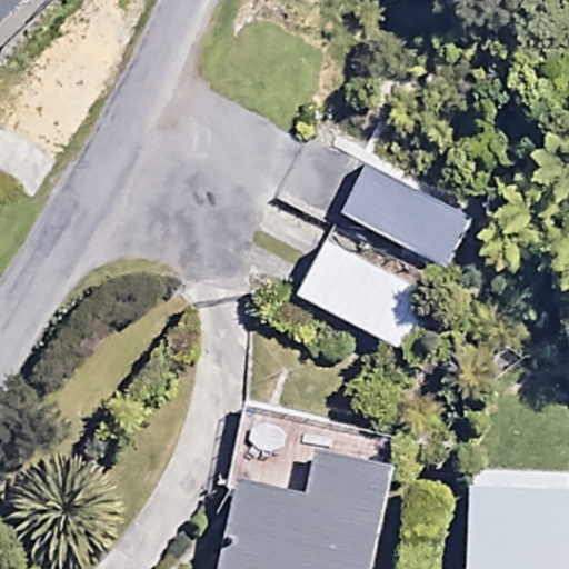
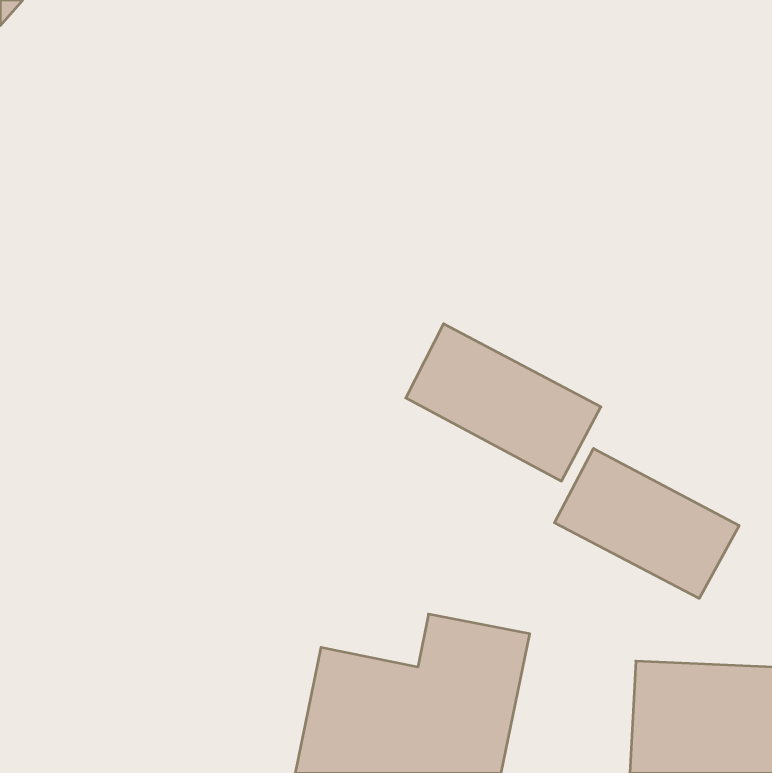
building: [338,154,476,273] -> none
building: none -> [554,448,739,598]

